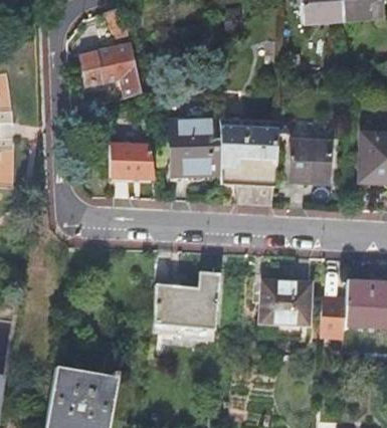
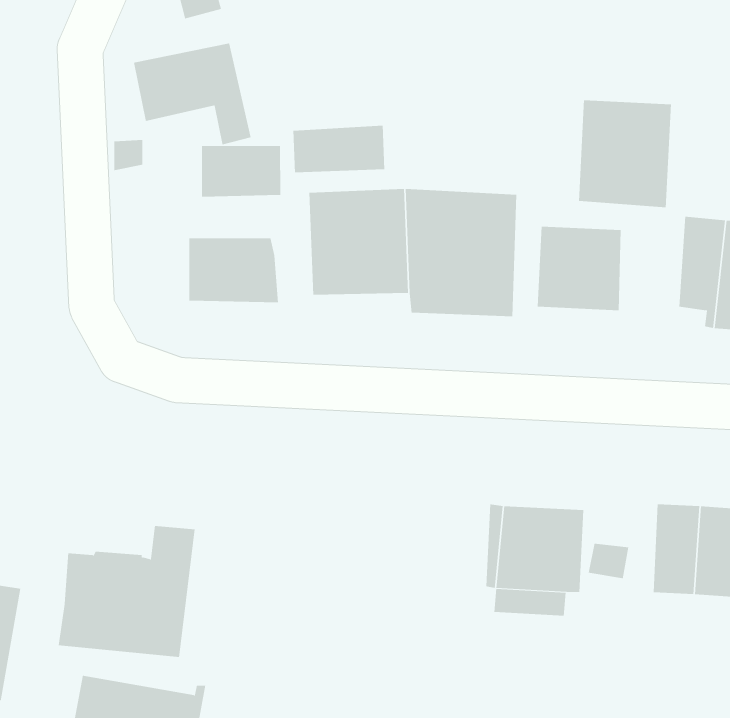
building: none -> [579,99,671,208]
building: none -> [293,125,385,173]
building: none -> [201,145,281,198]
building: [152,271,222,339] -> [58,525,196,657]

